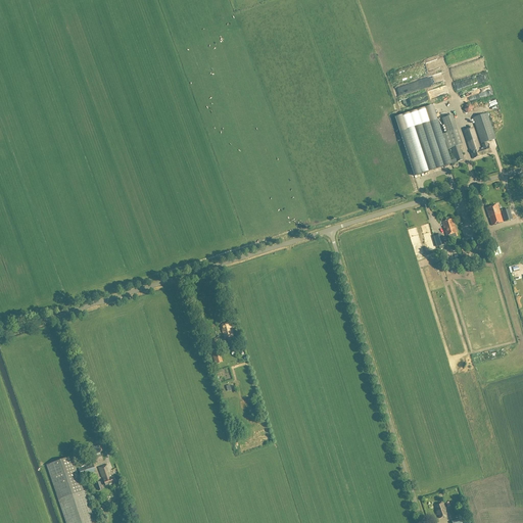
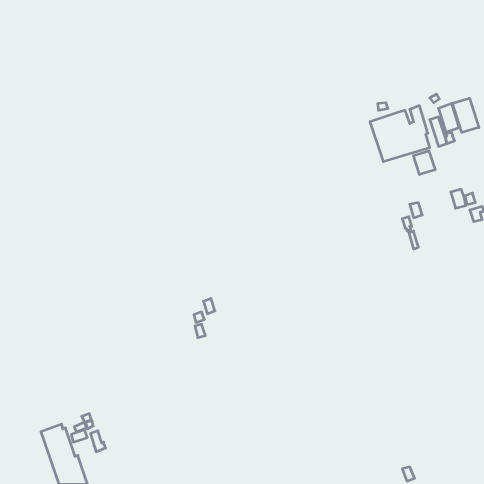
building: none -> [453,98,479,132]
building: none -> [413,151,435,175]

